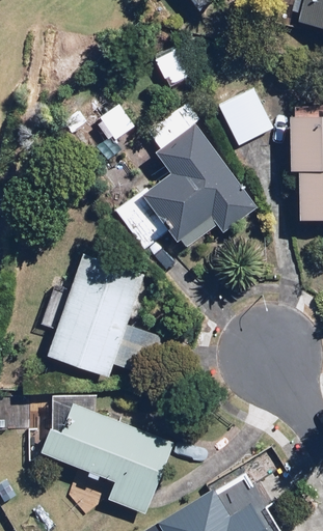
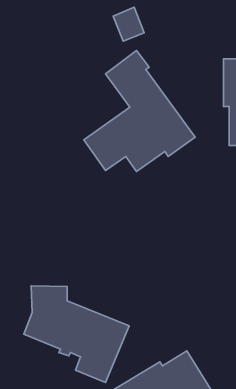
building: [217,88,272,146] -> none
building: [42,252,162,376] -> none

